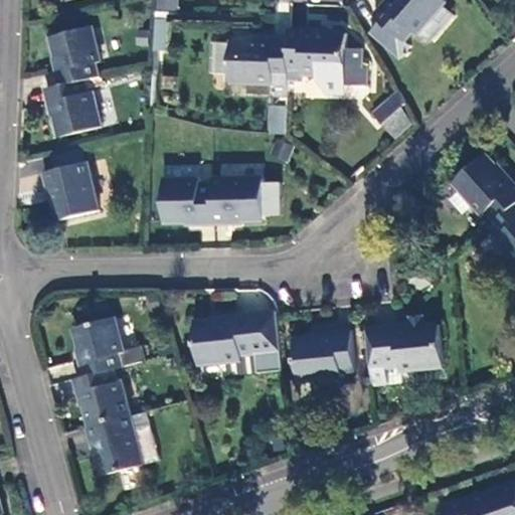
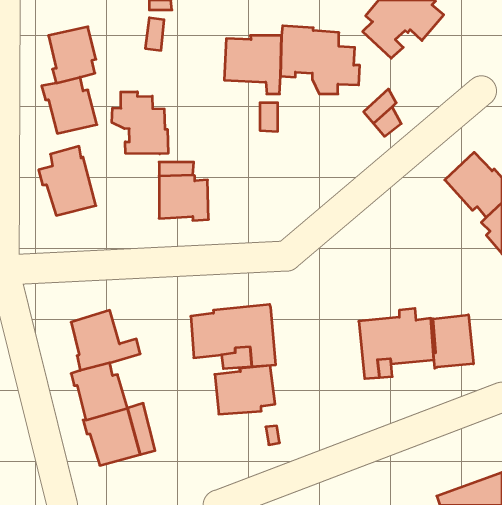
building: none -> [112,92,168,154]
building: [211,178,262,223] -> none
building: none -> [433,315,473,368]
building: [293,330,354,379] -> [215,366,275,414]

